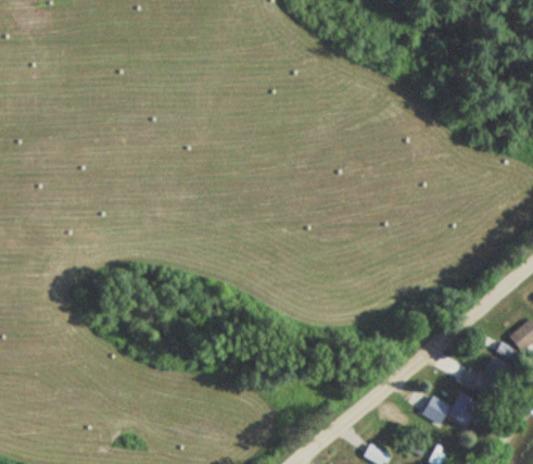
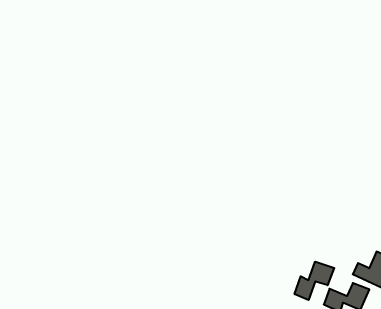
building: none -> [295,262,334,300]

